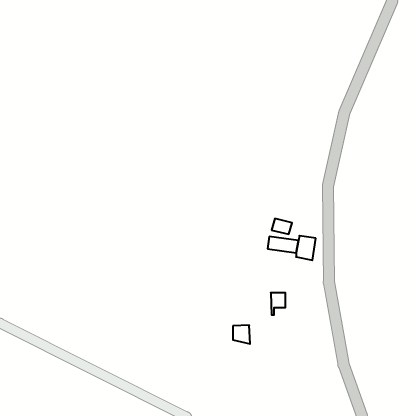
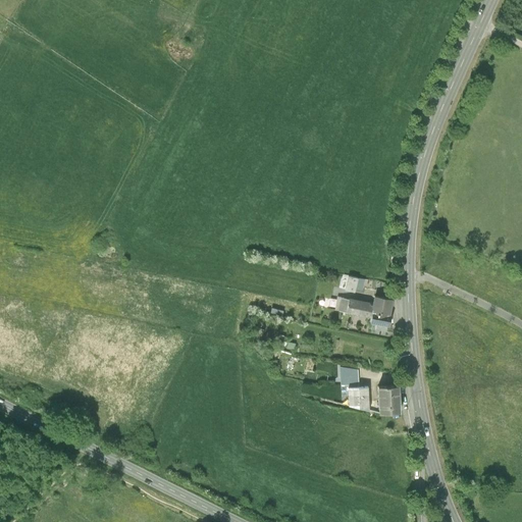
building: none -> [377,385,402,414]
building: [233,325,250,344] -> [349,386,370,410]

